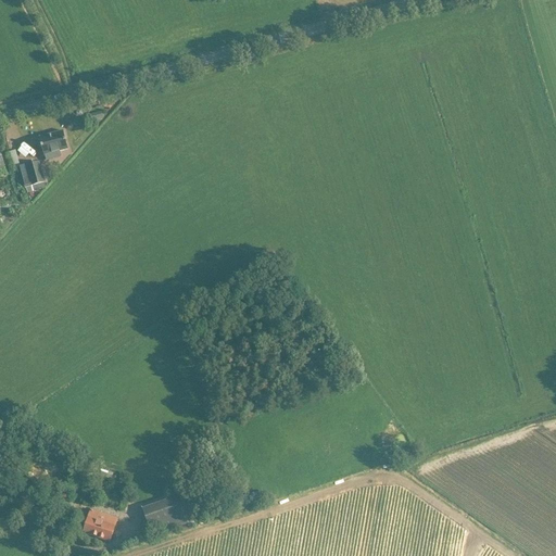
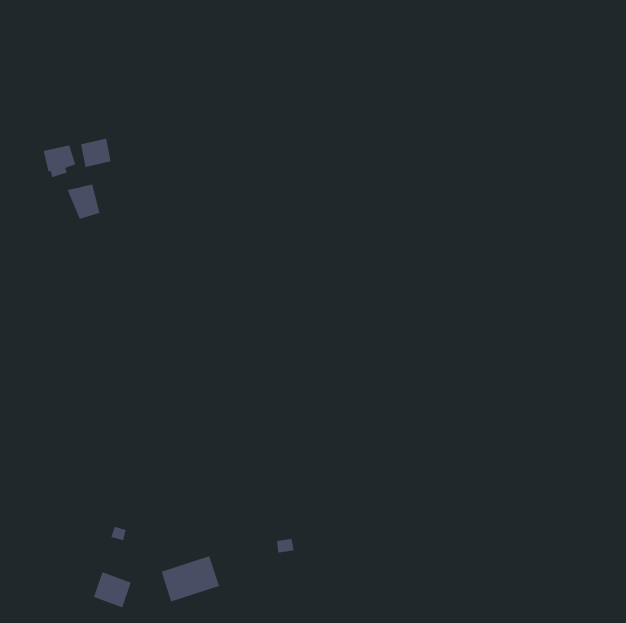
building: none -> [81,138,111,168]
building: [15,159,45,190] -> [67,184,100,219]

